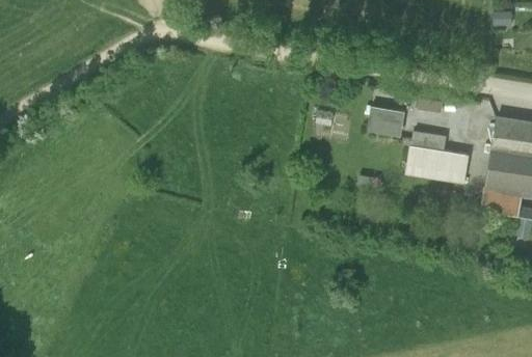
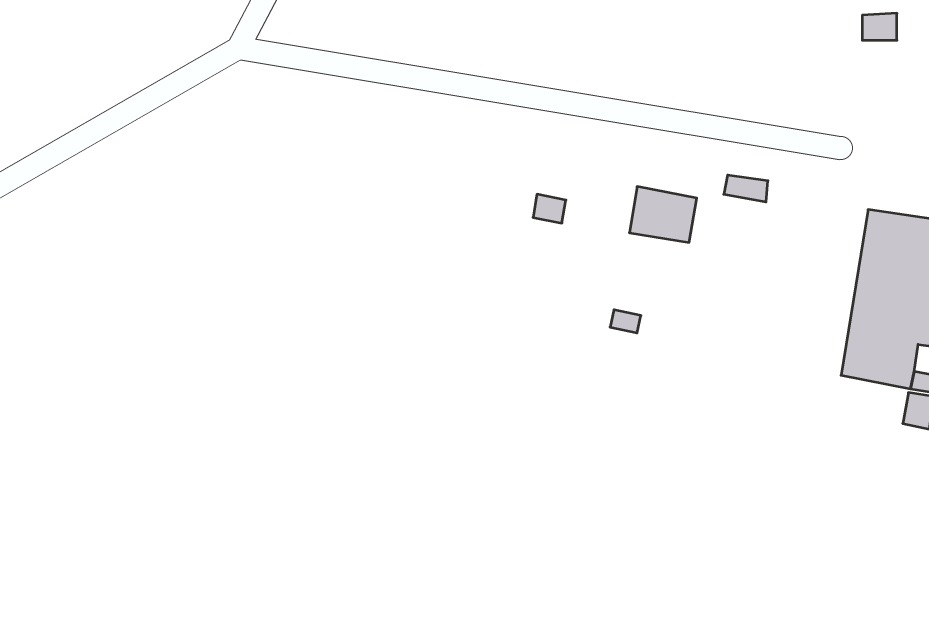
building: [407,129,470,182] -> none

